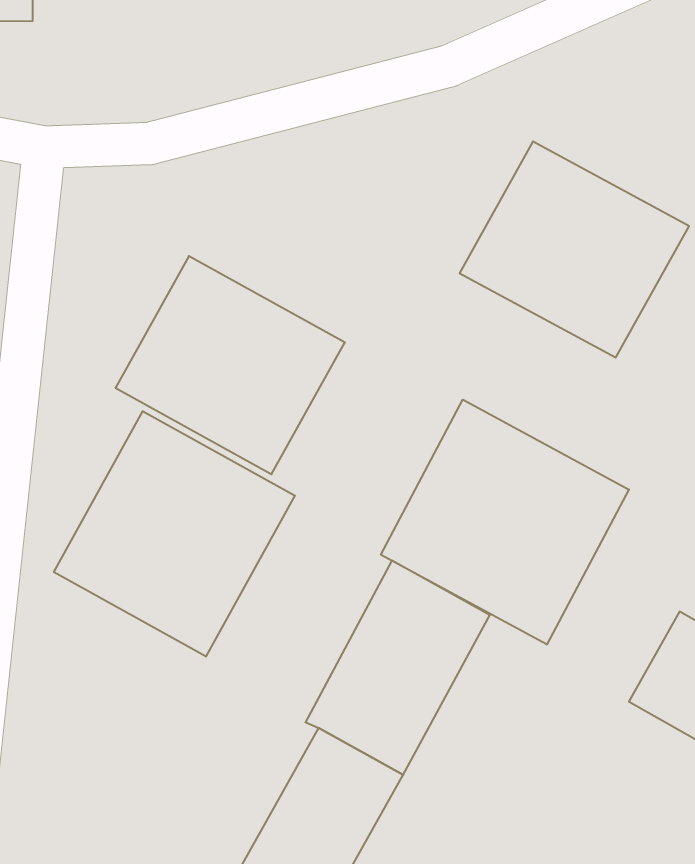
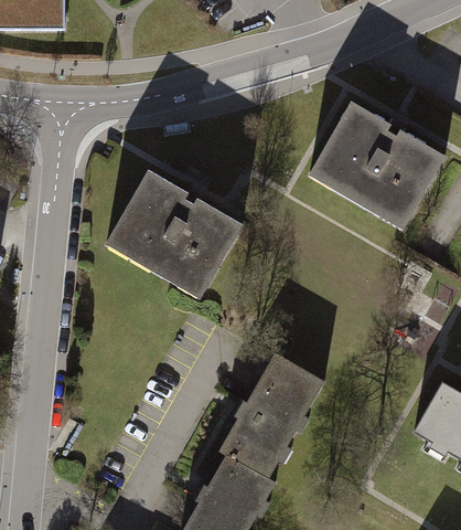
building: [381,400,629,645] -> none
building: [54,411,295,657] -> none

